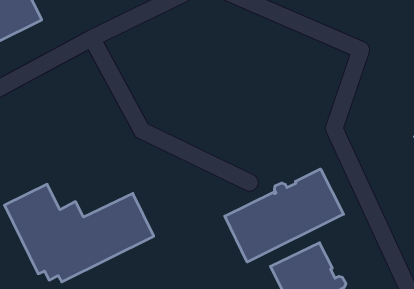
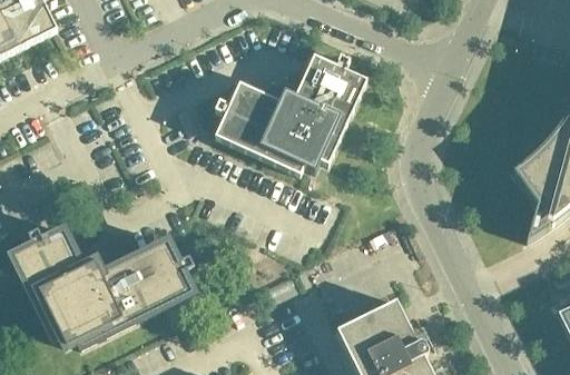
building: none -> [215,53,366,174]
building: [225,169,344,262] -> none

